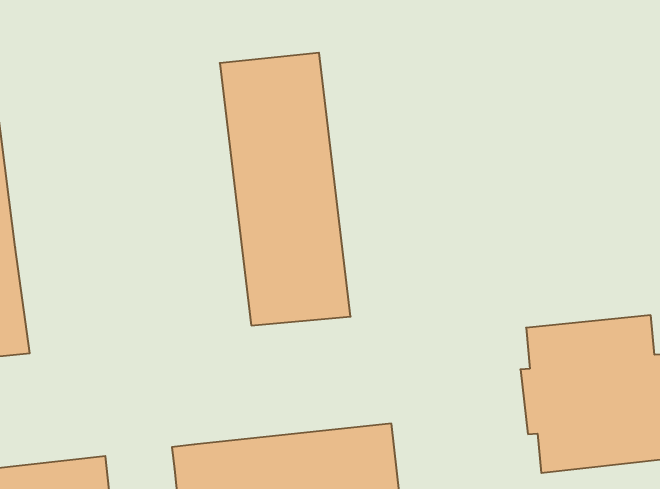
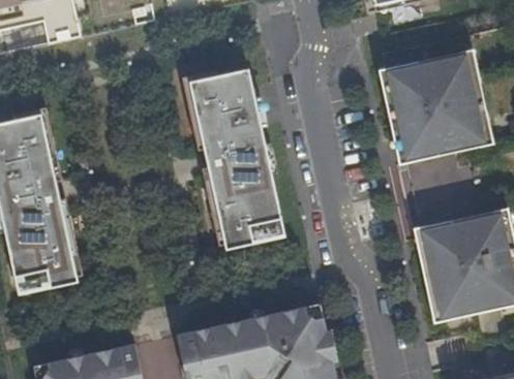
building: none -> [371,56,475,167]

